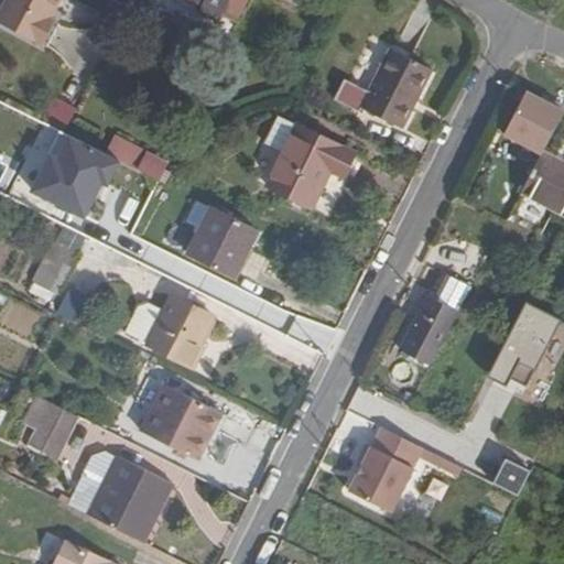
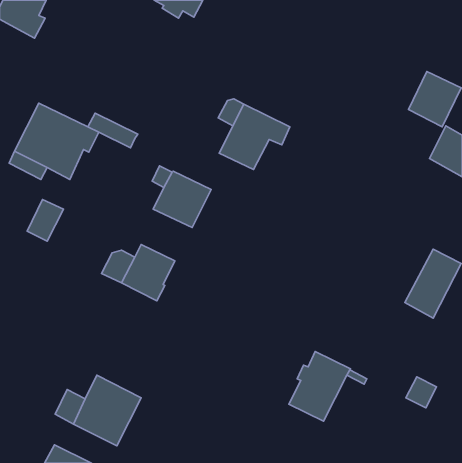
building: [334,50,430,129] -> none
building: [401,272,473,365] -> none
building: [141,384,219,457] -> none
building: [23,395,76,457] -> none

